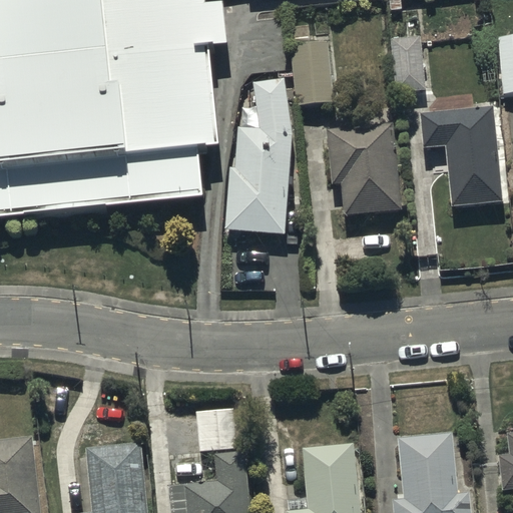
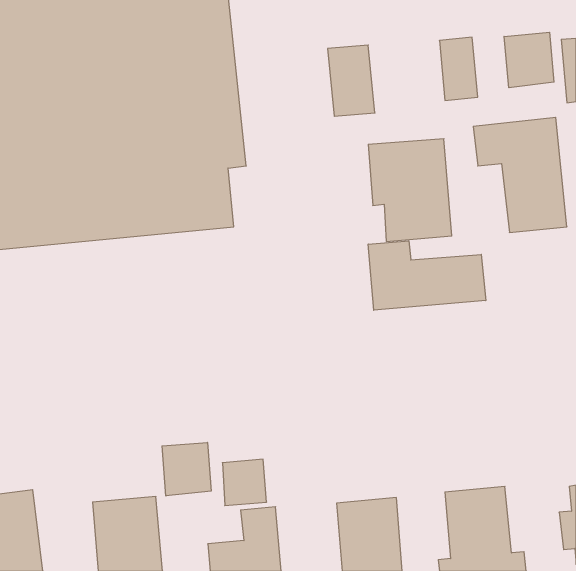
building: none -> [504,32,554,88]
building: [224,76,293,232] -> none
building: none -> [368,241,486,310]
building: none -> [162,442,211,496]

